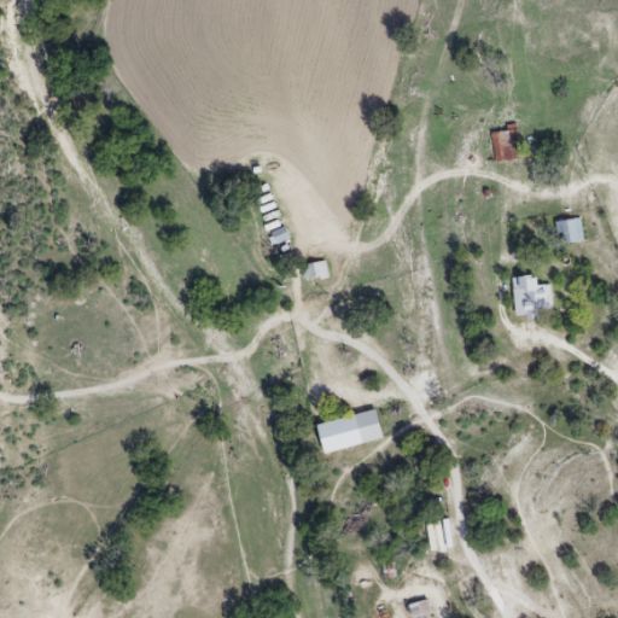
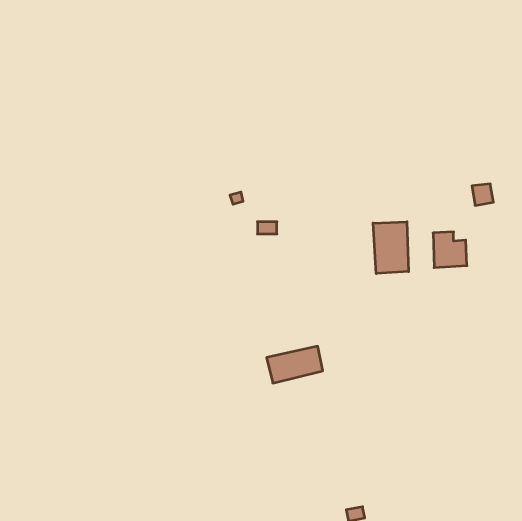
building: [492,127,518,159] -> none
building: none -> [373,222,409,274]

